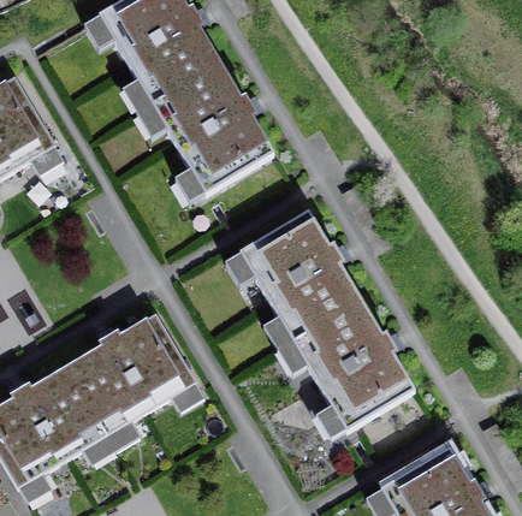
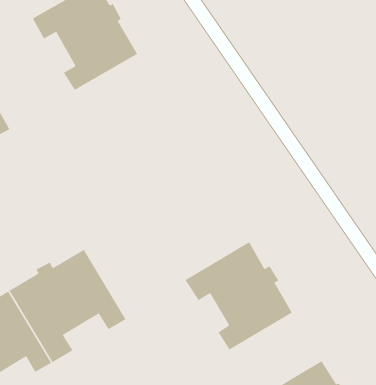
building: [142,71,274,206] -> none
building: [230,219,360,351] -> none

